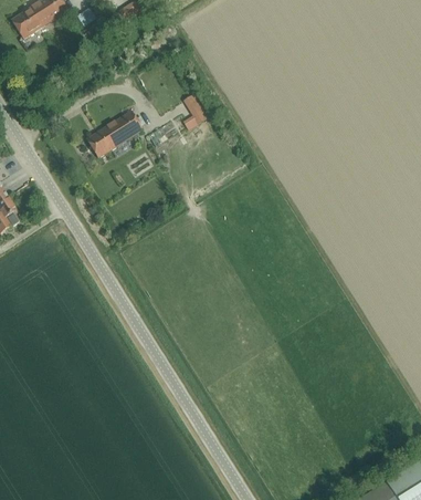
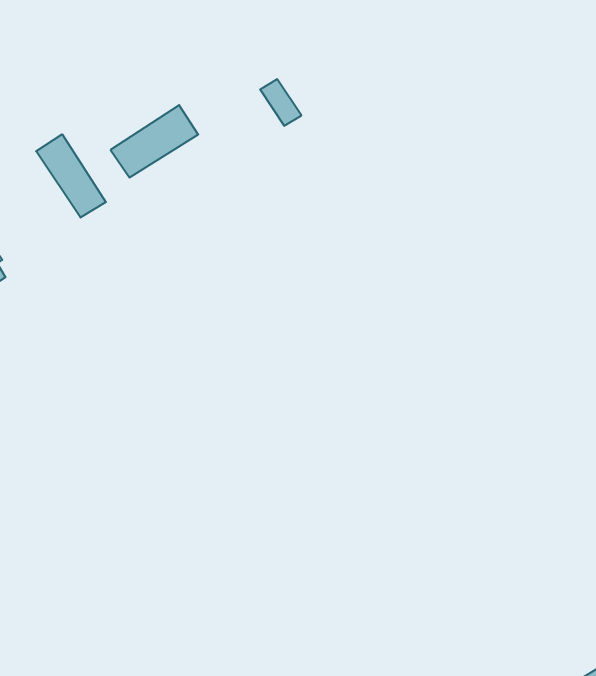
building: none -> [36,134,106,218]

